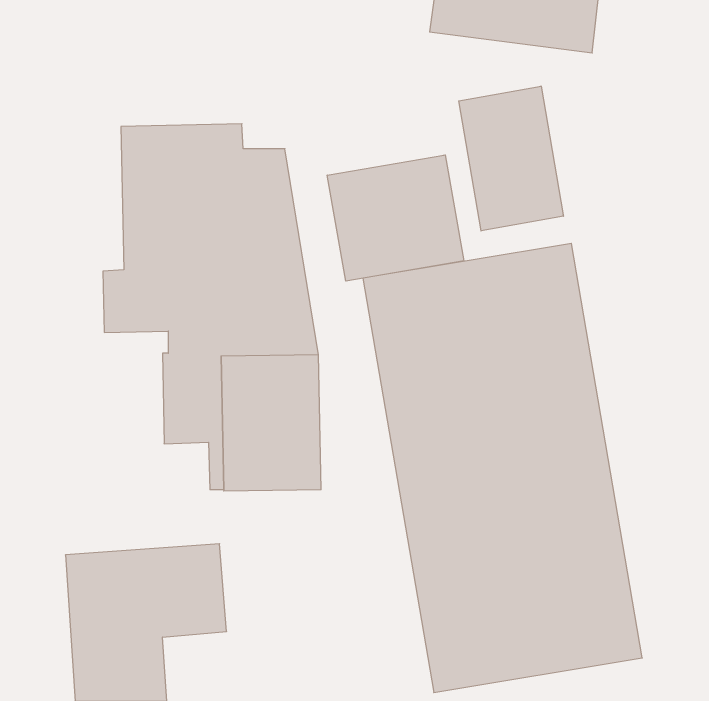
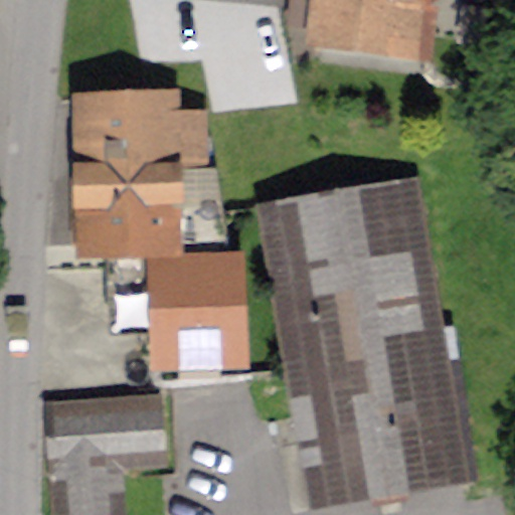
building: [459,86,563,231] -> none
building: [327,155,464,281] -> none

